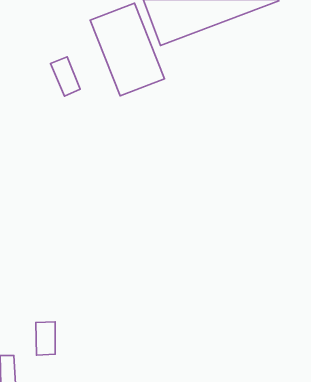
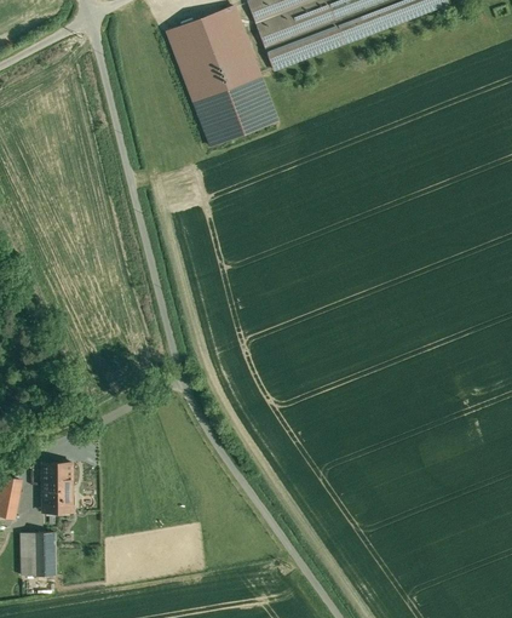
building: [51,57,80,96] -> none
building: [36,322,55,355] -> [41,460,70,510]

